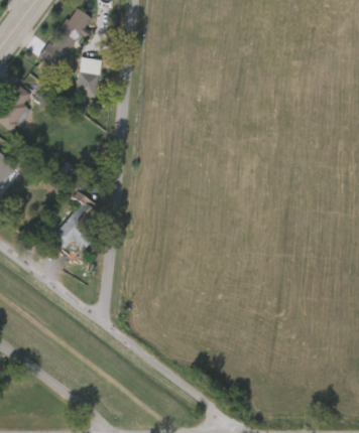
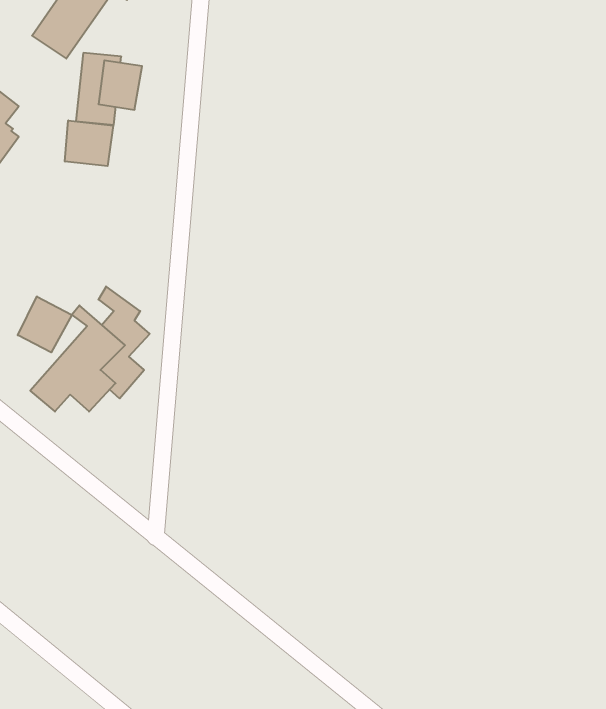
building: none -> [65,120,113,166]
building: none -> [18,296,72,352]

